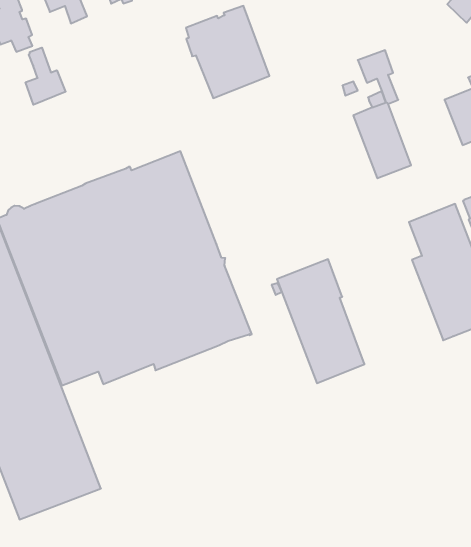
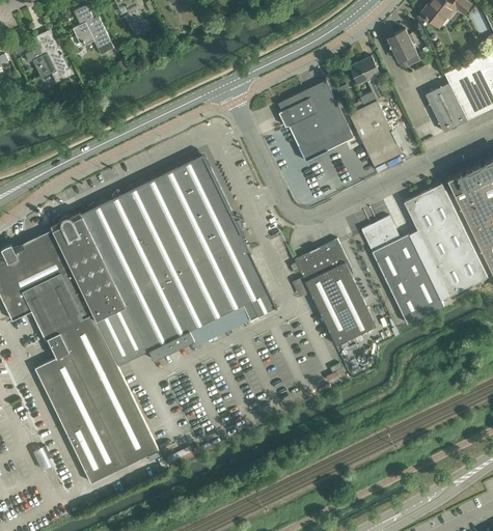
building: [186,6,269,98] -> [278,81,353,162]
building: none -> [387,29,420,65]
building: [26,48,66,105] -> none
building: none -> [361,217,444,325]

